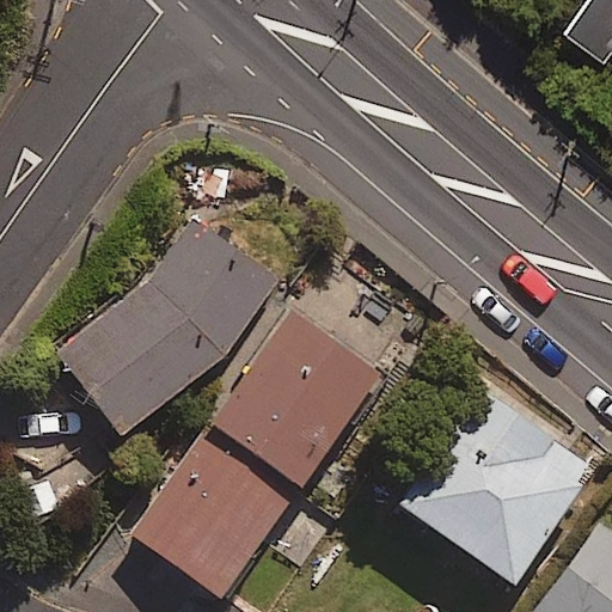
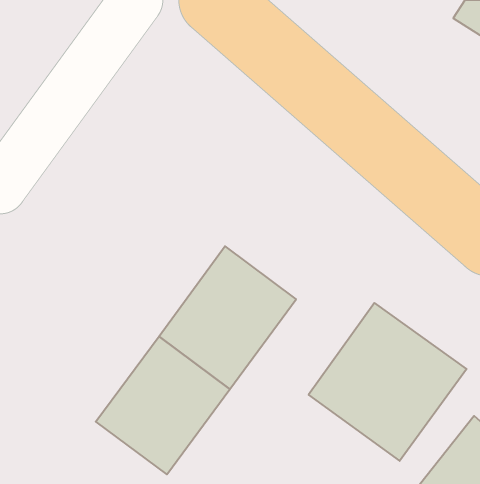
building: [55,220,277,436] -> none

